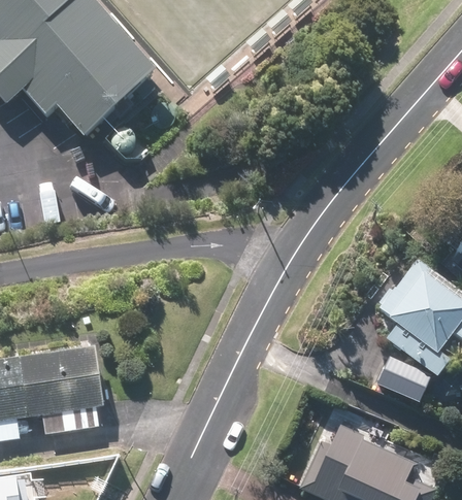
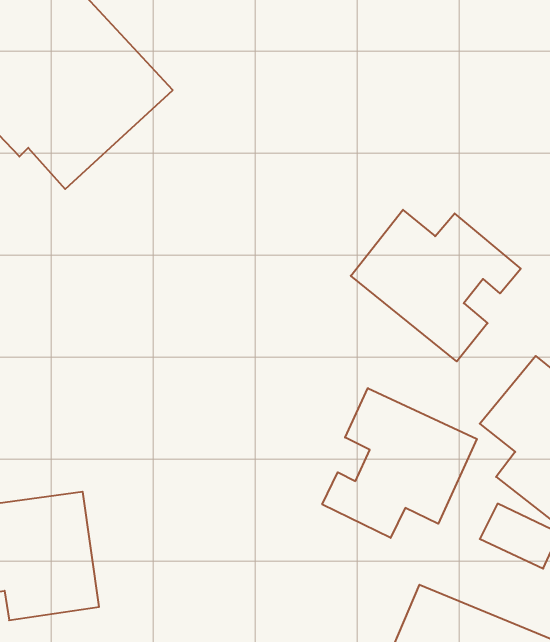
building: none -> [351,210,521,361]
building: none -> [322,388,477,538]

